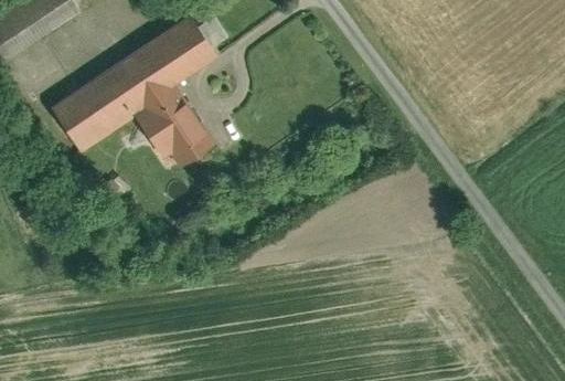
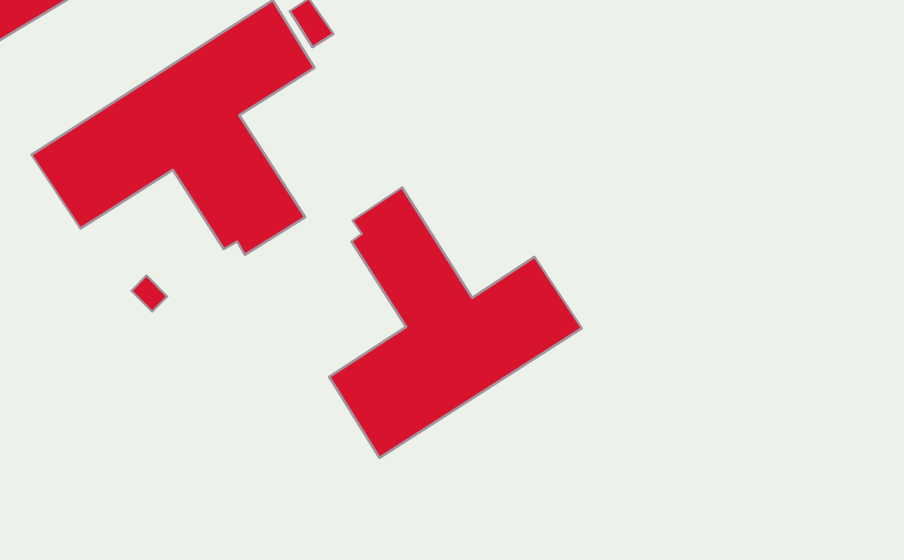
building: none -> [329,188,582,458]

